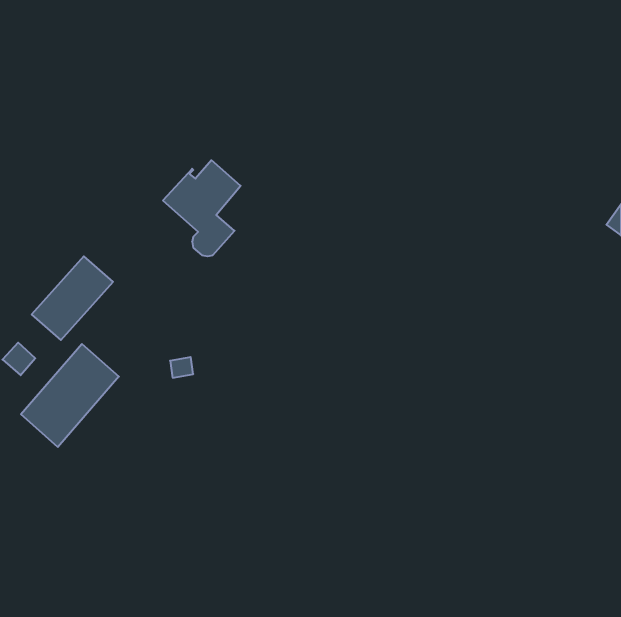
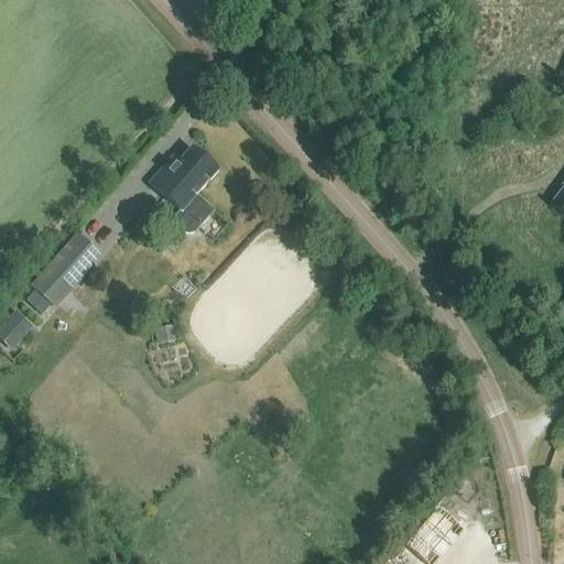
building: [21,344,119,447] -> none

